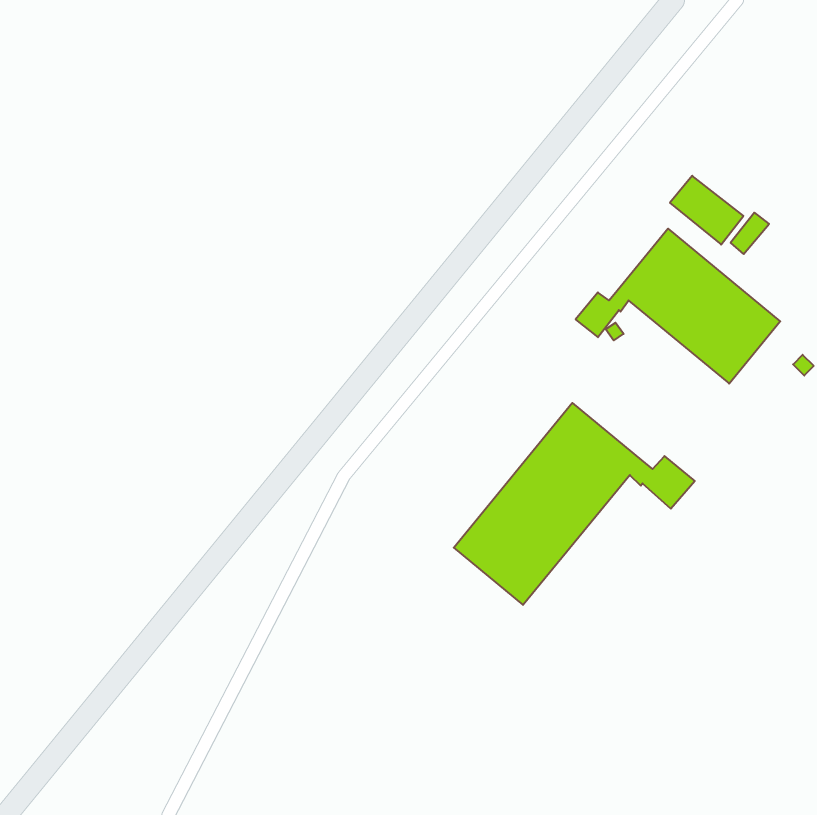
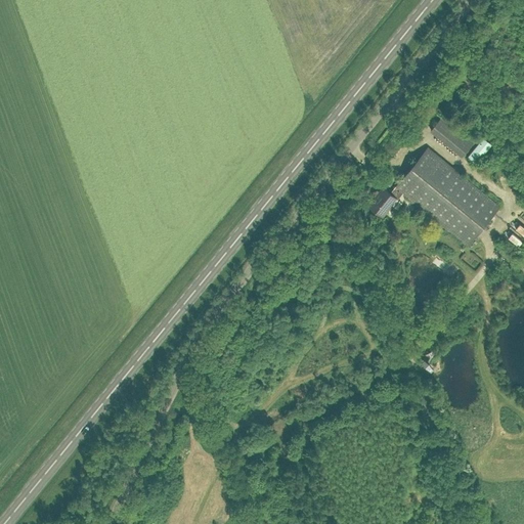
building: [454,403,695,605] -> none

